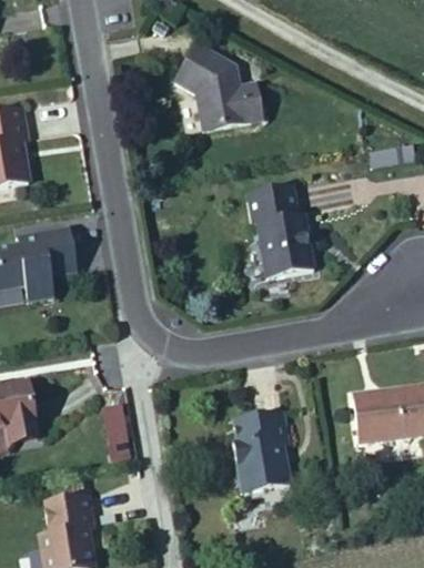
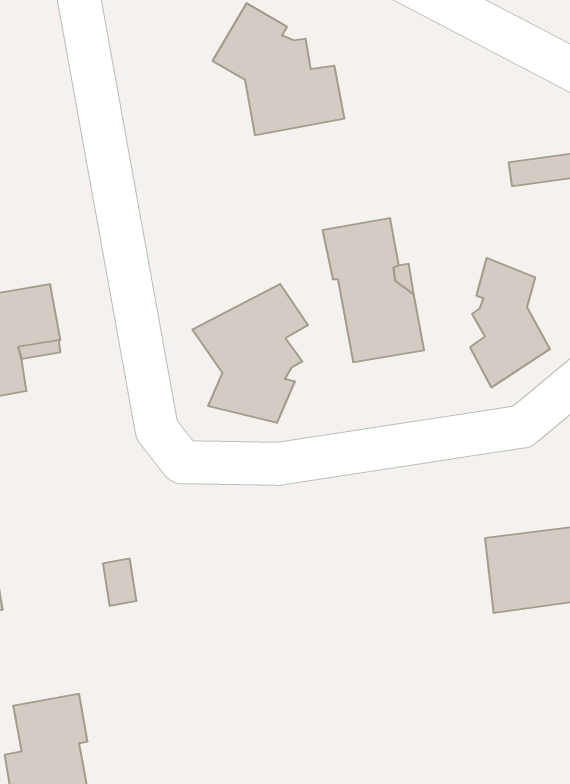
building: none -> [470,258,550,387]
building: none -> [192,284,308,423]
building: [232,410,291,489] -> none

